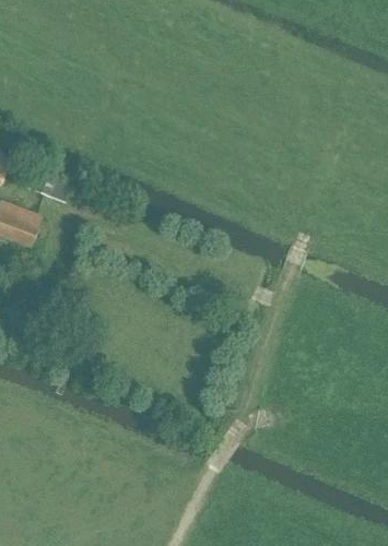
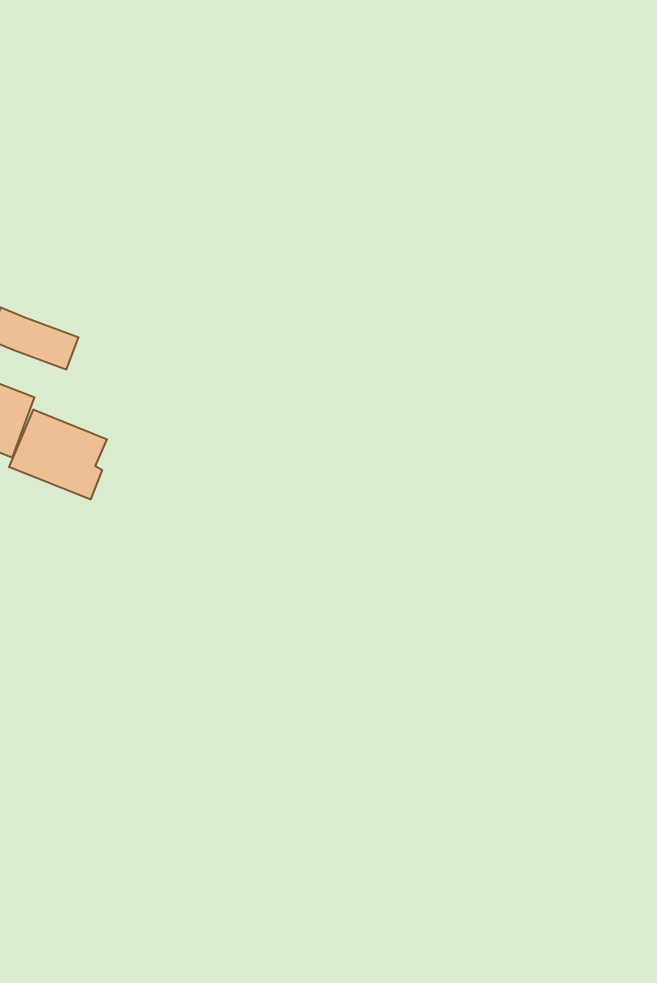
building: none -> [9,409,107,499]

